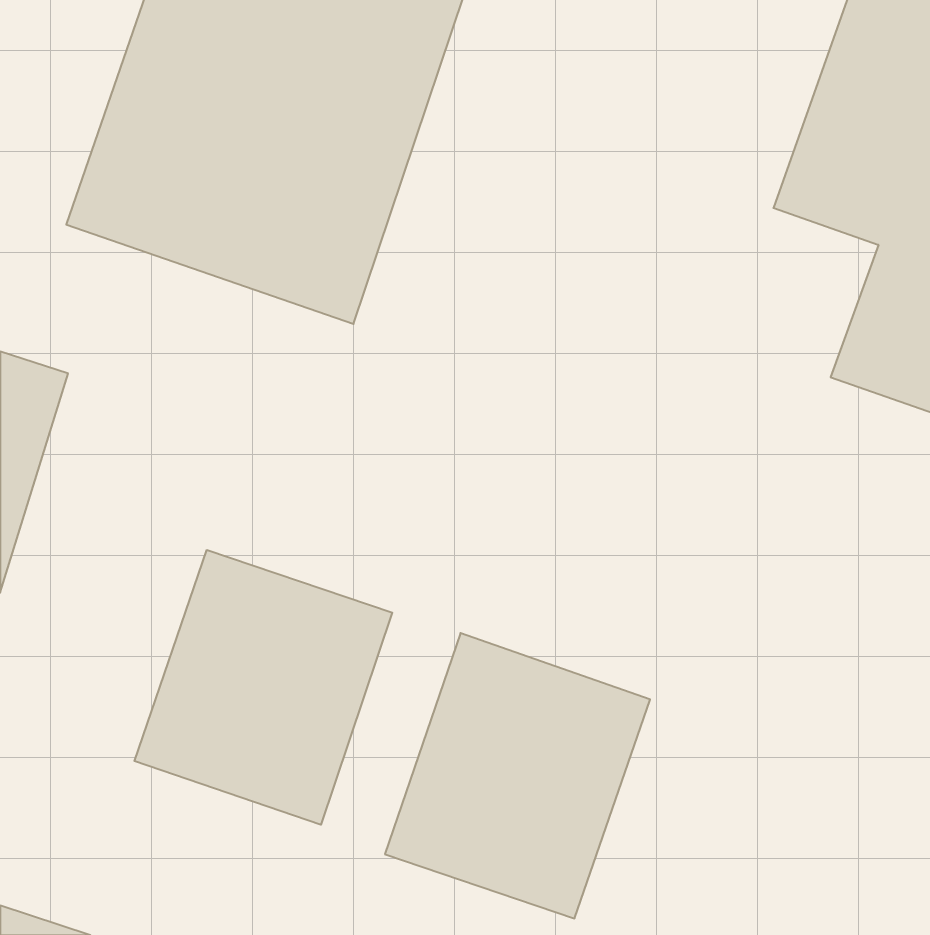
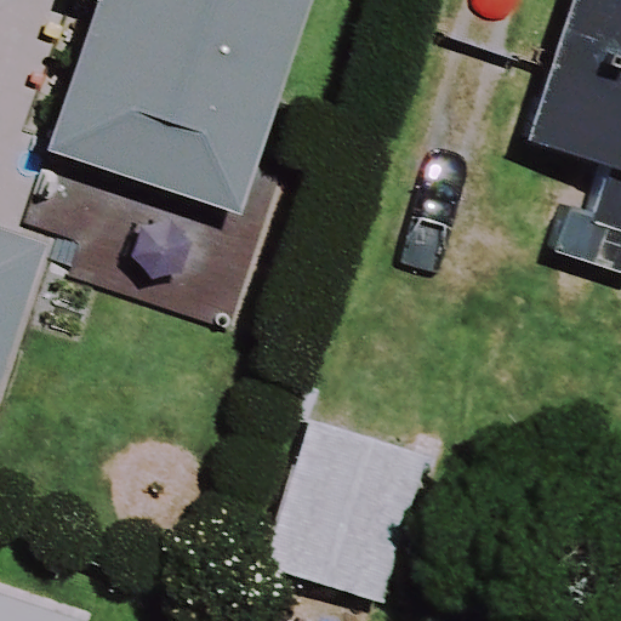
building: [134,550,392,825] -> none

